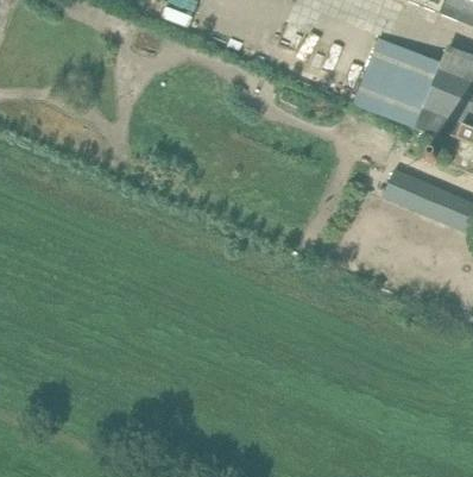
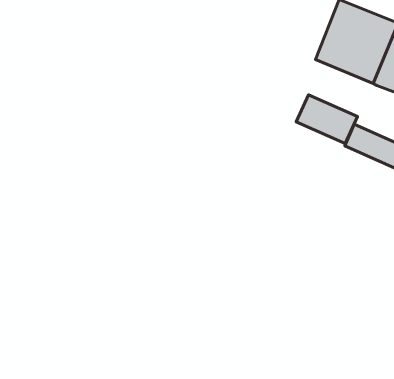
building: none -> [296,95,357,143]

